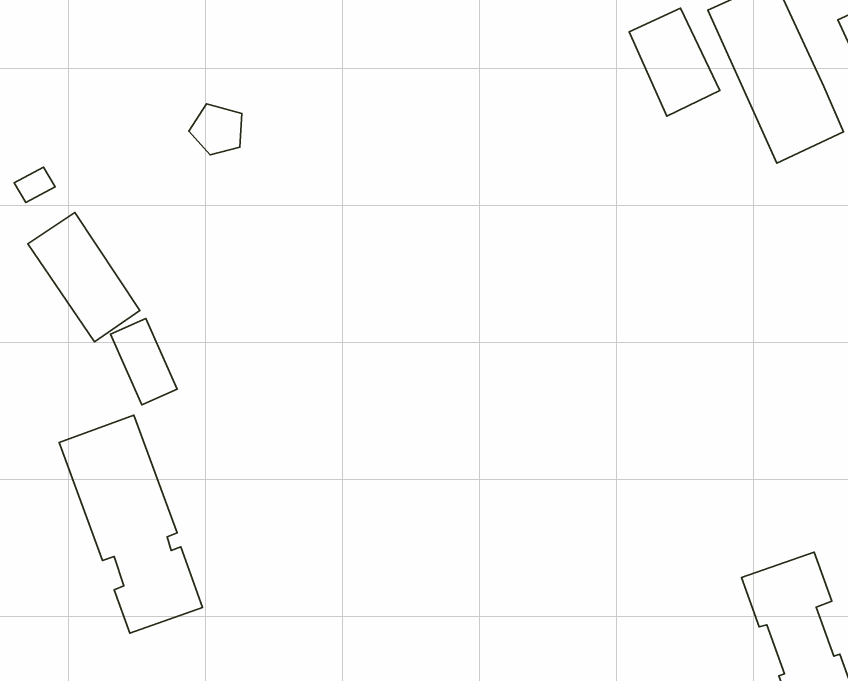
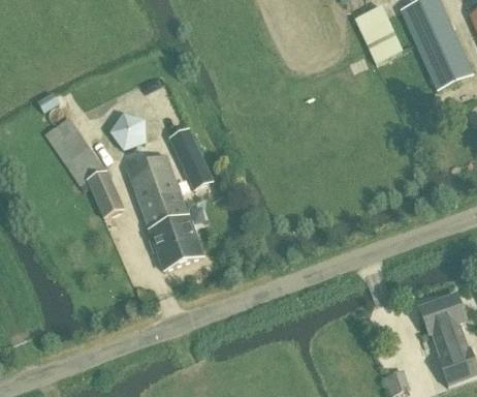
building: [189,104,242,155] -> [118,116,146,143]
building: none -> [168,126,208,175]
building: [59,415,203,633] -> [126,153,201,268]

